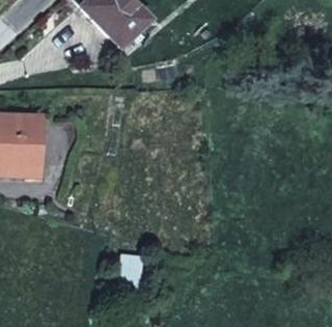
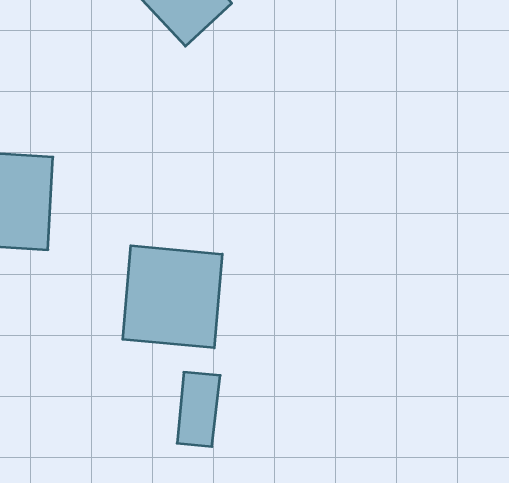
building: none -> [123,246,222,348]

